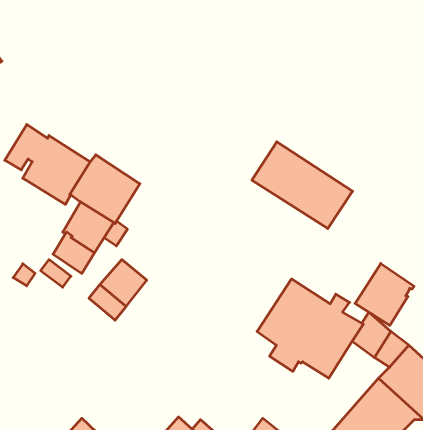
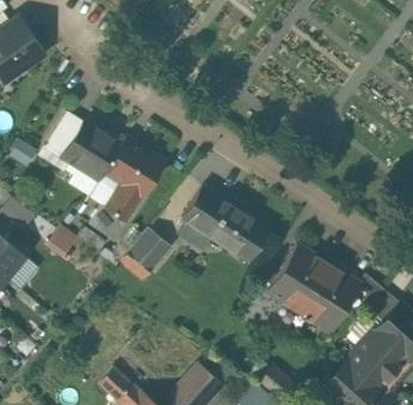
building: [252,142,353,229] -> [181,185,269,261]
building: [355,263,414,325] -> none

